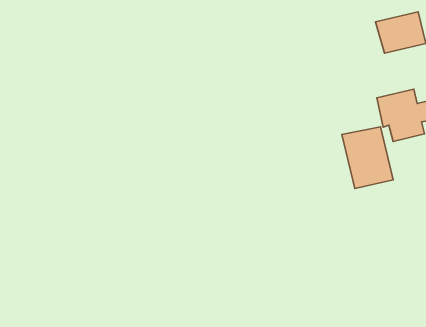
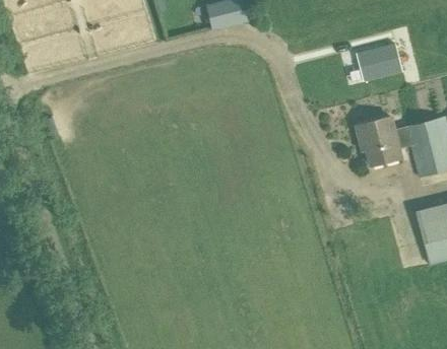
building: [342,127,393,189] -> none

